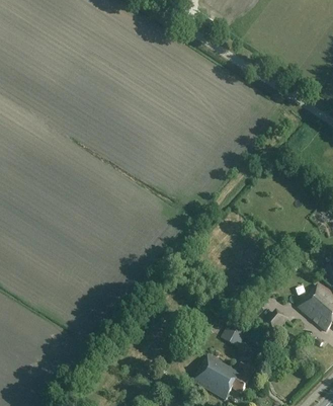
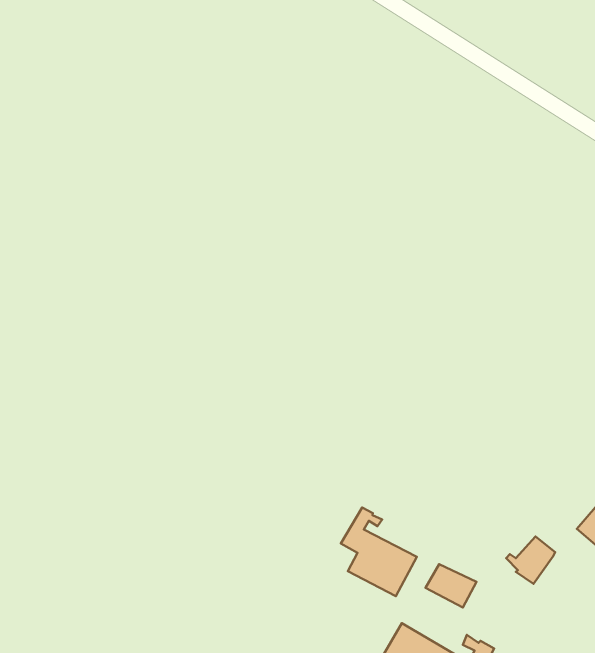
building: none -> [341,507,417,596]

